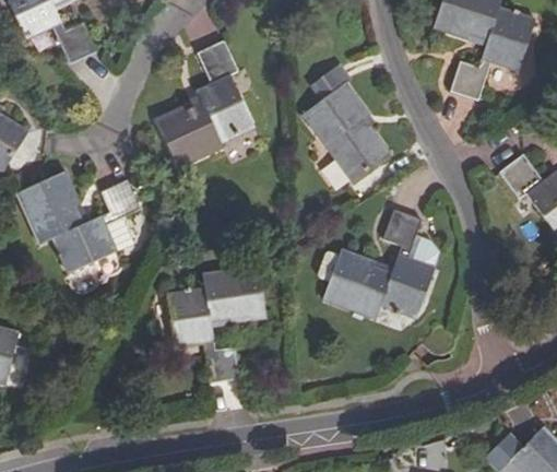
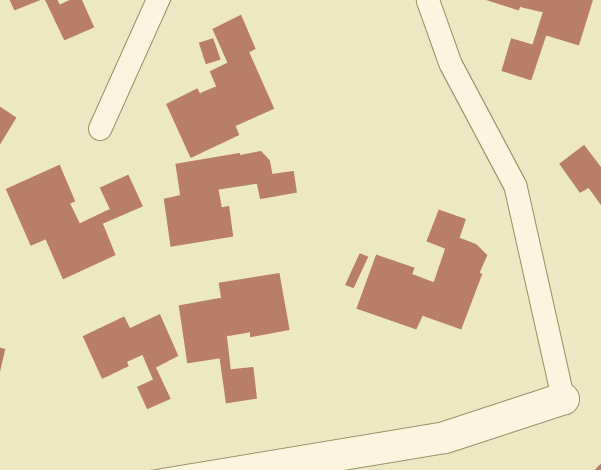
building: [303,83,390,181] -> none
building: none -> [163,150,298,247]
building: none -> [82,313,179,410]

